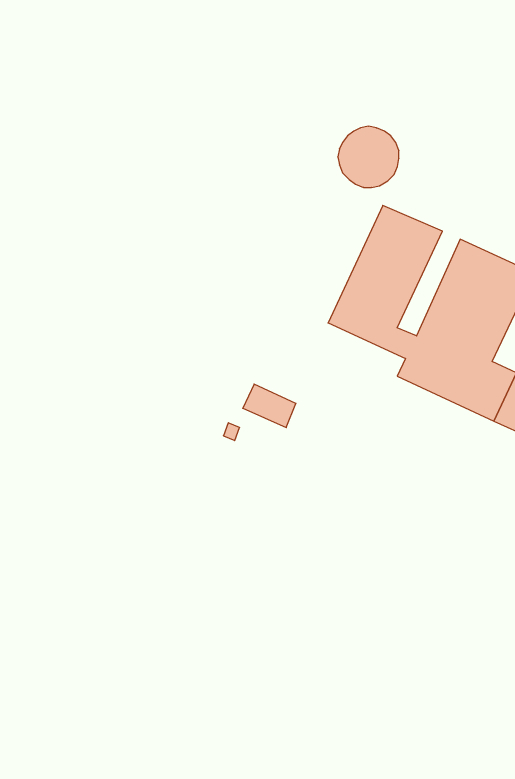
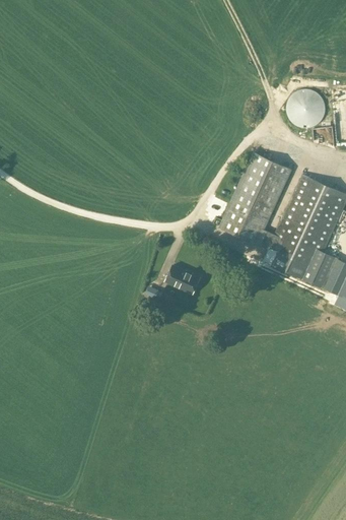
building: [338,126,399,187] -> [286,90,325,129]

